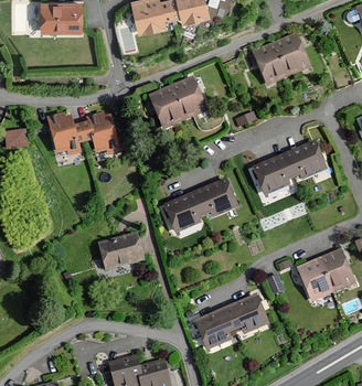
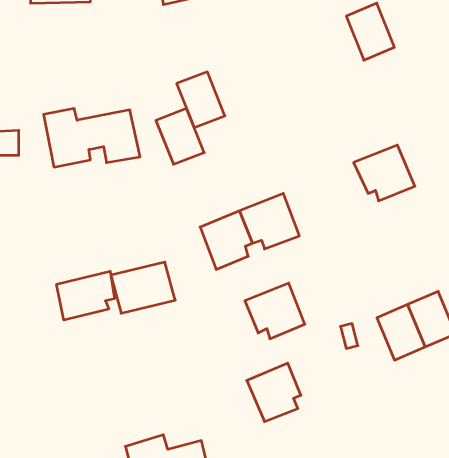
building: [252,43,288,85] -> none
building: [170,76,206,118] -> [156,109,204,164]
building: [251,153,291,196] -> none
building: none -> [57,271,114,320]
building: [231,291,276,333] -> [245,283,305,339]

